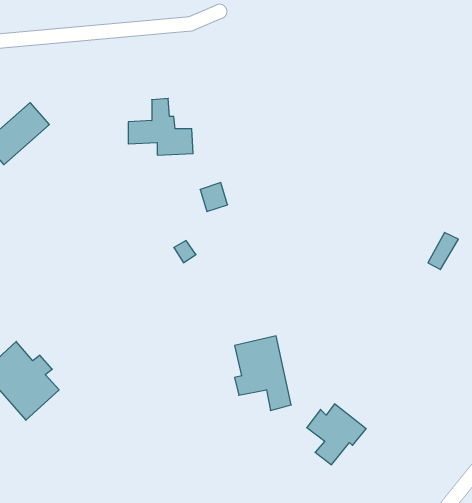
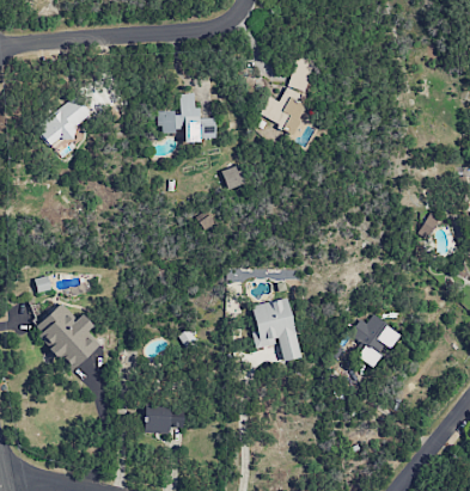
building: none -> [261,55,317,133]
building: [307,404,366,465] -> [350,314,402,367]
building: none -> [145,405,184,434]

